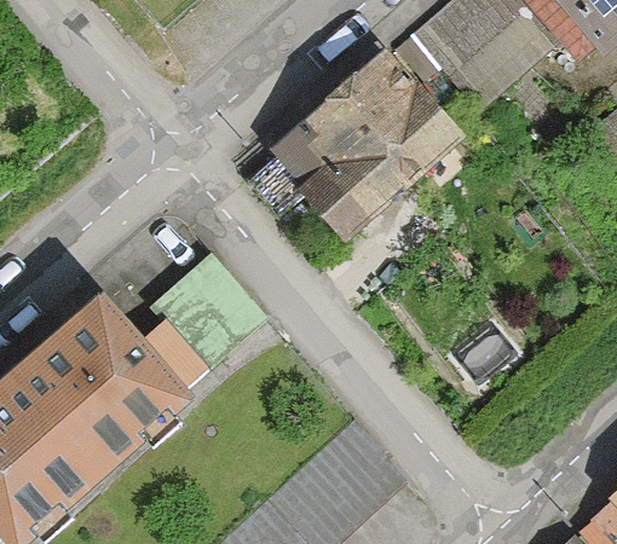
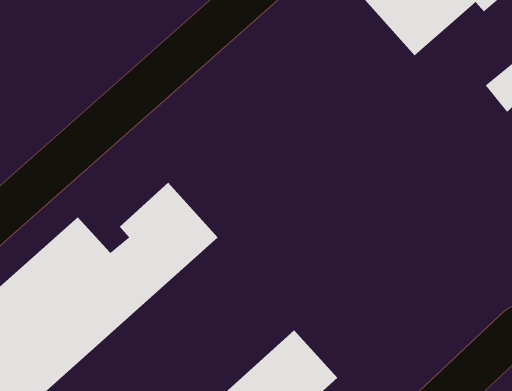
building: [242,52,468,243] -> none

